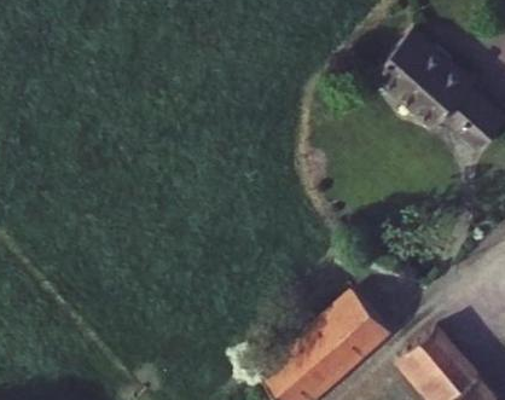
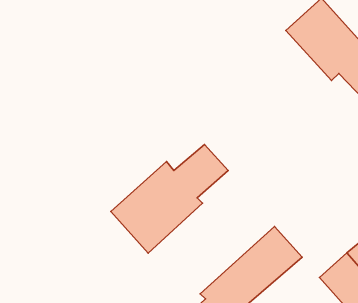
building: none -> [111,144,228,253]

